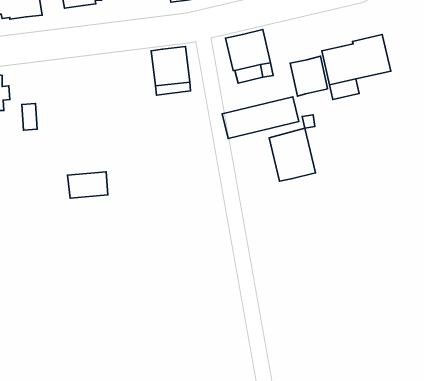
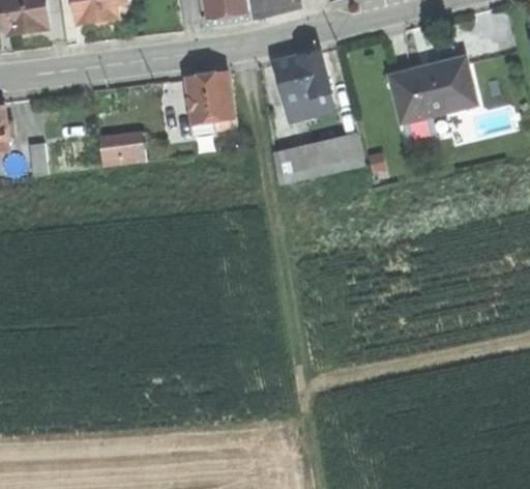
building: [290,56,328,96] -> none
building: [269,128,315,181] -> none
building: [68,172,108,198] -> [96,132,145,164]

